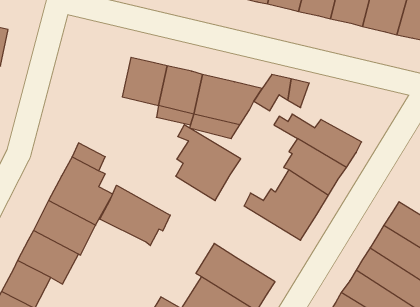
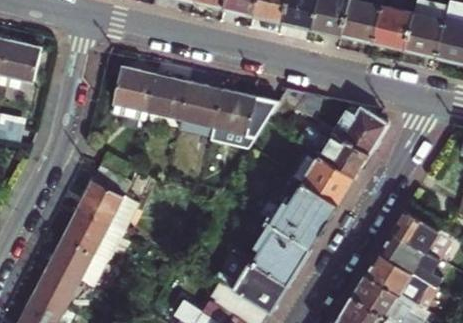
building: none -> [113,65,155,120]
building: none -> [333,103,390,152]
building: [176,125,241,201] -> [253,212,314,283]
building: [100,185,170,246] -> none

